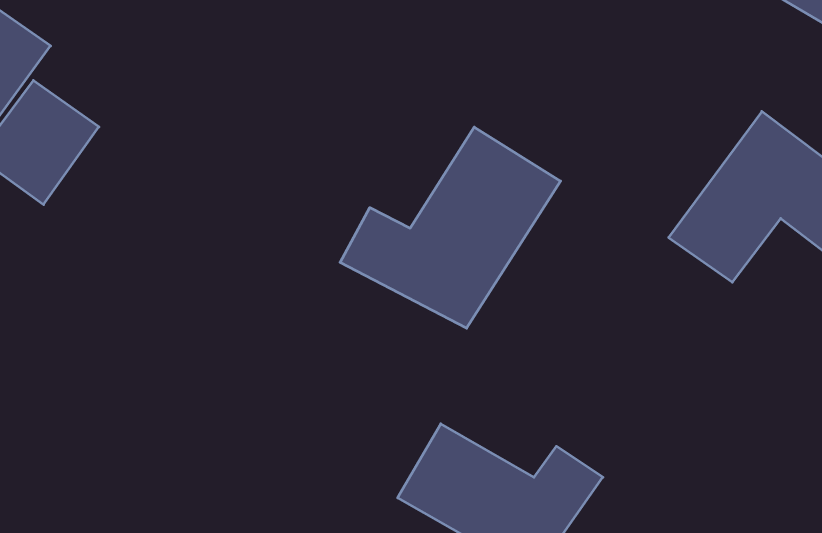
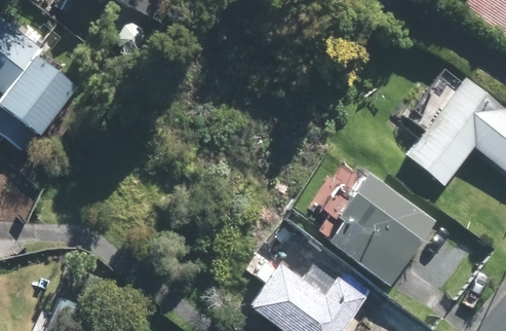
building: [340,127,561,328] -> none
building: none -> [332,172,434,280]

